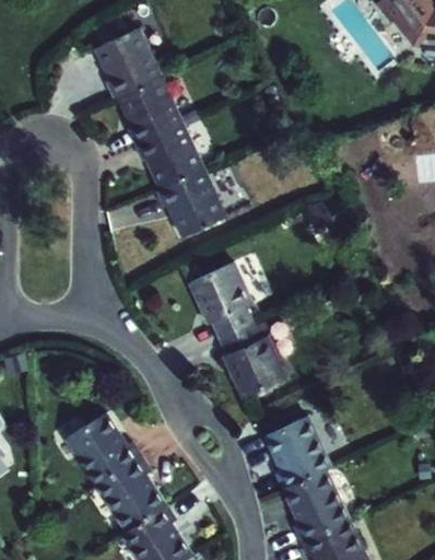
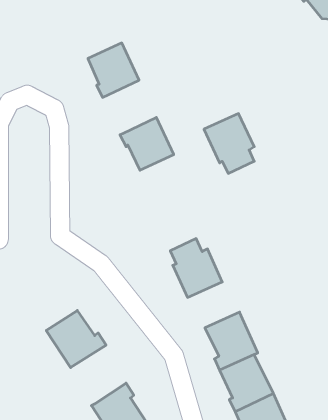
building: [95,28,161,96] -> none
building: [137,122,204,190] -> none
building: [191,262,255,338] -> [204,114,254,173]
building: [96,457,166,532] -> none

